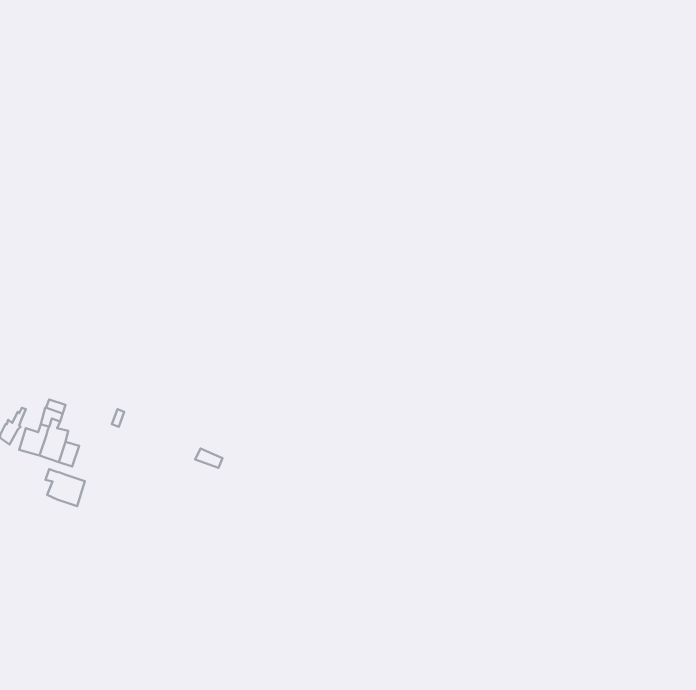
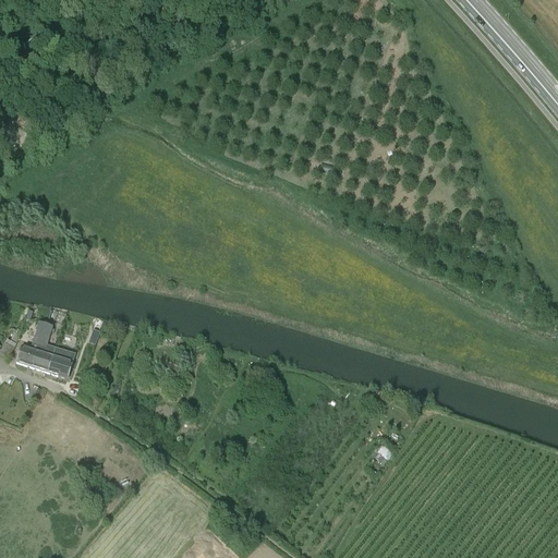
building: [45,469,85,506] -> none

